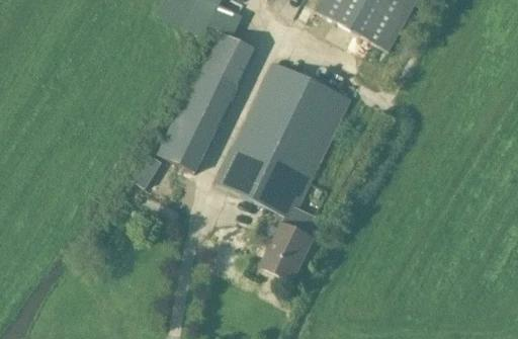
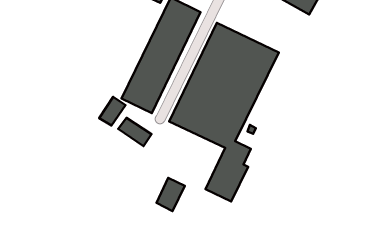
building: none -> [118,118,151,146]
building: none -> [157,178,185,211]

